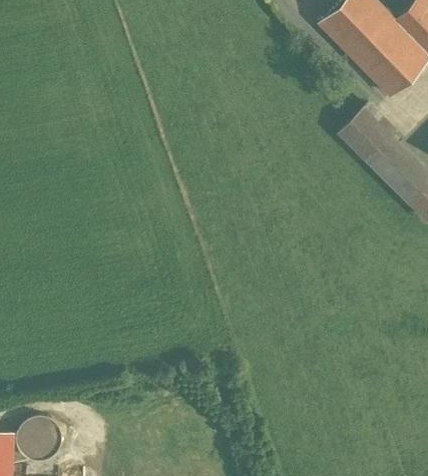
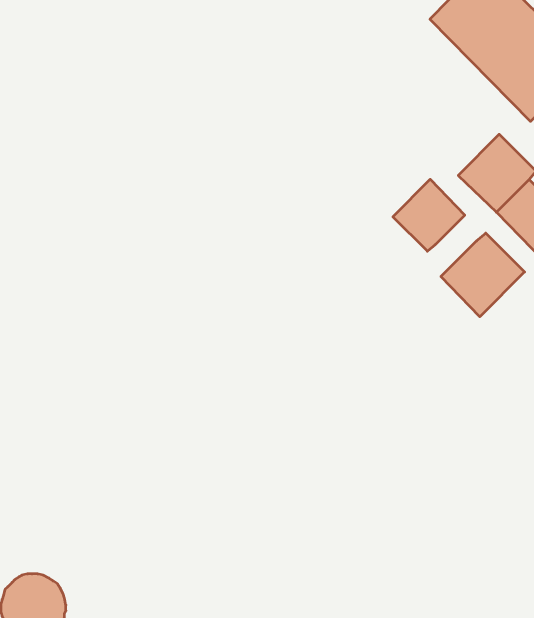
building: none -> [393,179,465,251]
building: none -> [441,233,525,317]

